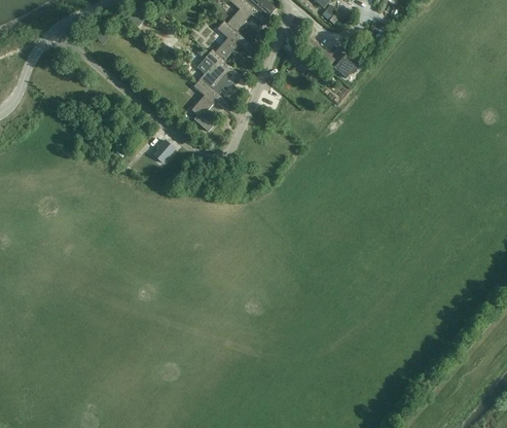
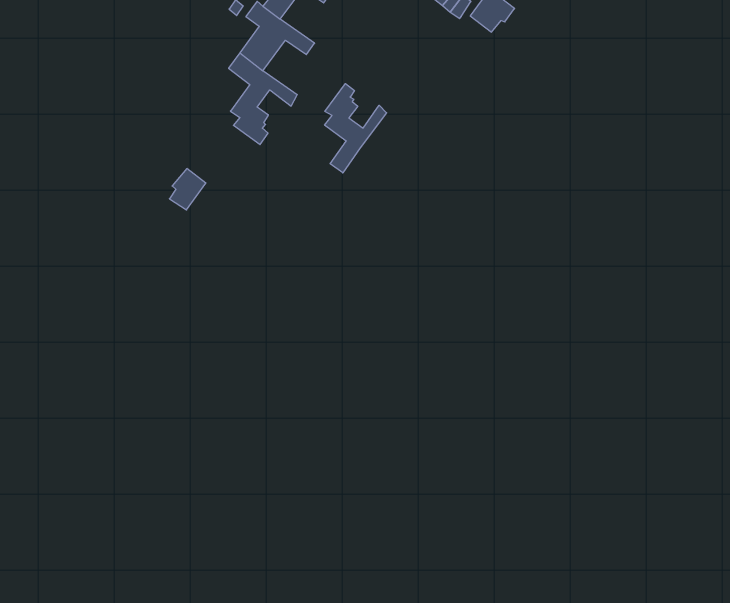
building: none -> [325,84,387,173]

